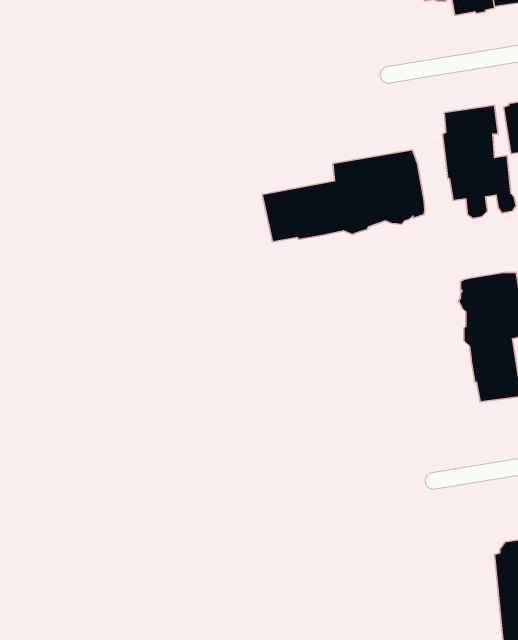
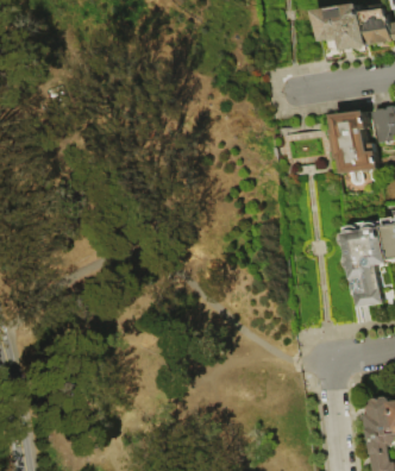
building: [262,150,425,242] -> none

